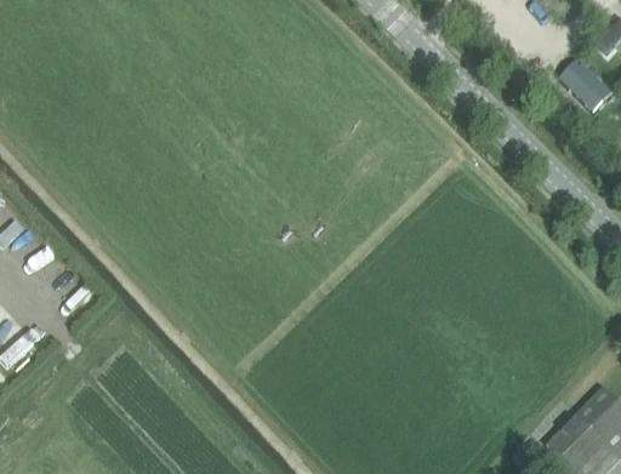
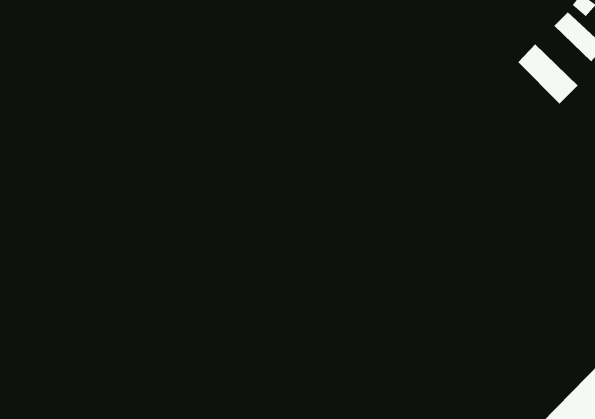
building: none -> [518,43,579,104]

